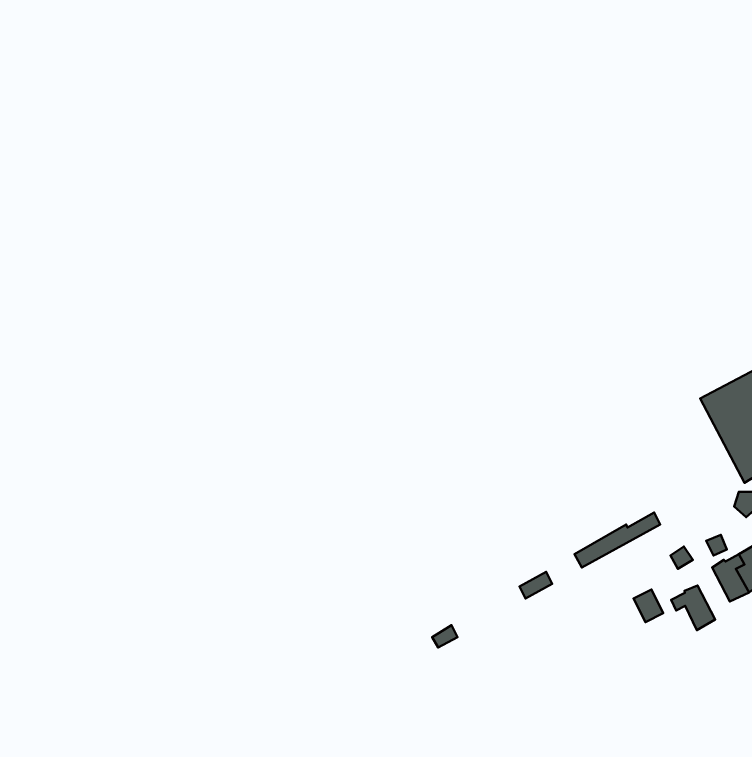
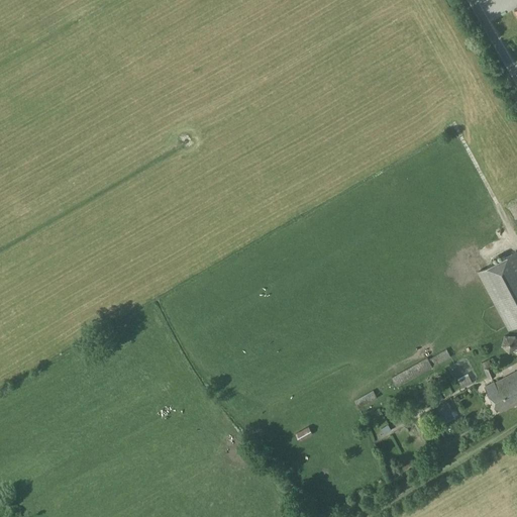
building: [671,585,715,630] -> none

